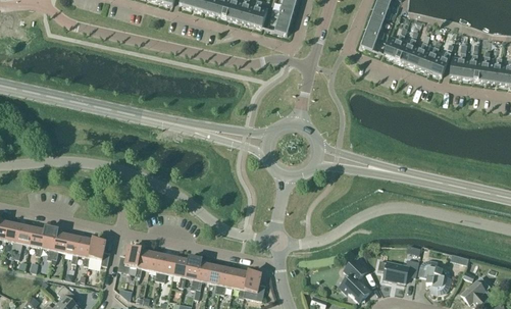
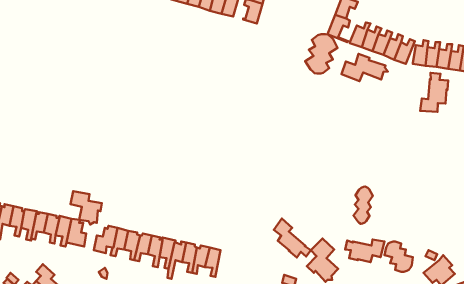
building: none -> [305,34,338,74]
building: none -> [342,54,388,81]
building: none -> [420,73,448,112]
building: none -> [354,186,373,224]
building: none -> [71,191,102,225]
building: none -> [274,218,311,258]
building: [244,270,265,301] -> none

